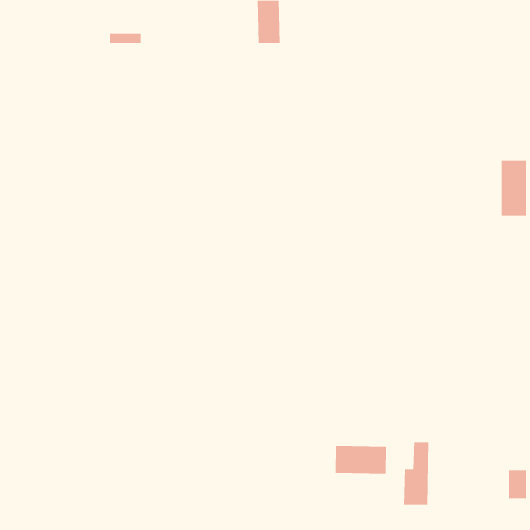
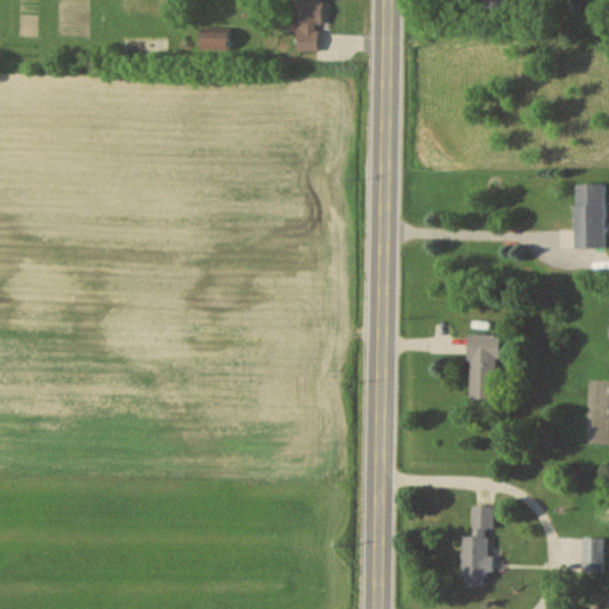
building: none -> [199,31,228,50]
building: none -> [469,335,498,400]
building: [335,445,387,474] -> none

